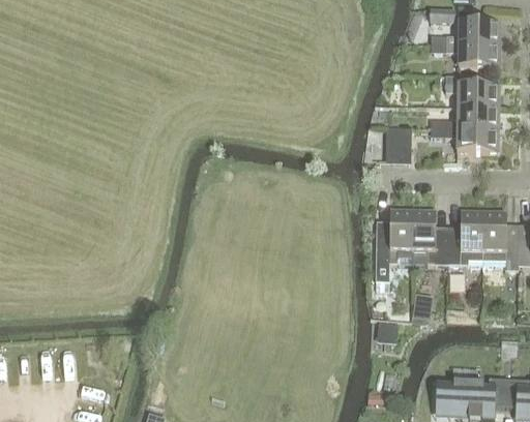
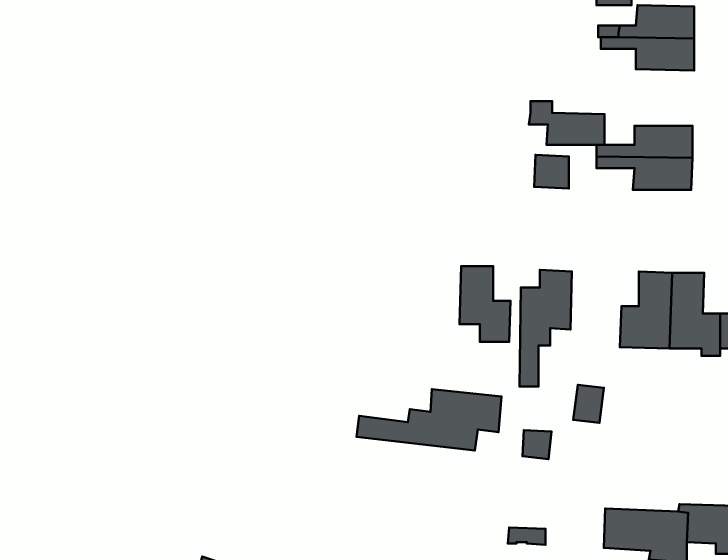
building: [444,76,498,107] -> [529,101,605,145]
building: [411,210,447,264] -> [460,266,510,342]
building: none -> [357,389,502,451]

